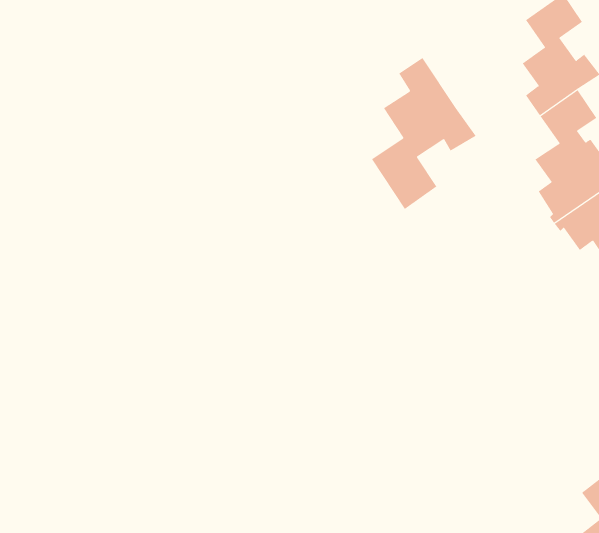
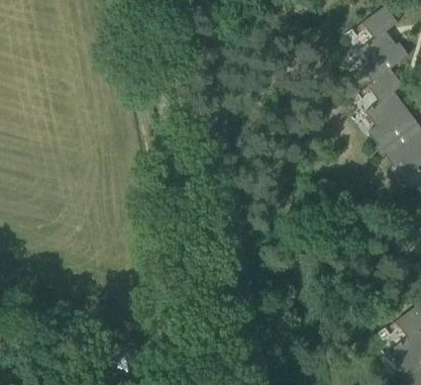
building: [371,57,476,210] -> none

